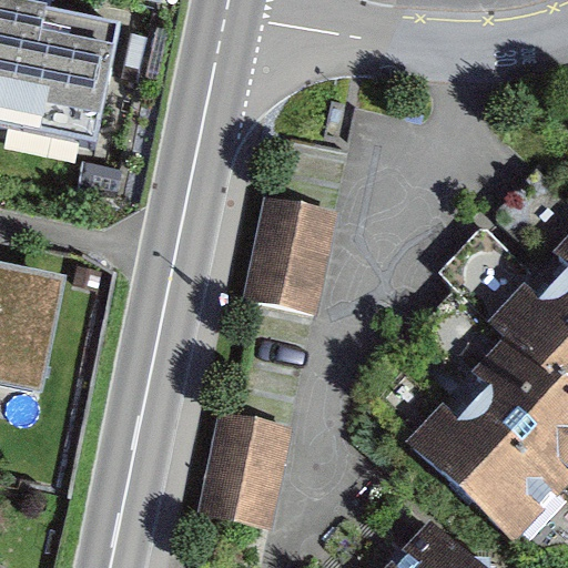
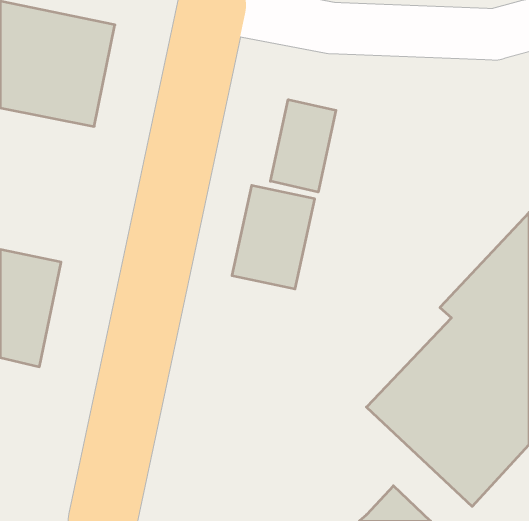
building: none -> [270,100,336,192]
building: [203,418,290,524] -> none

